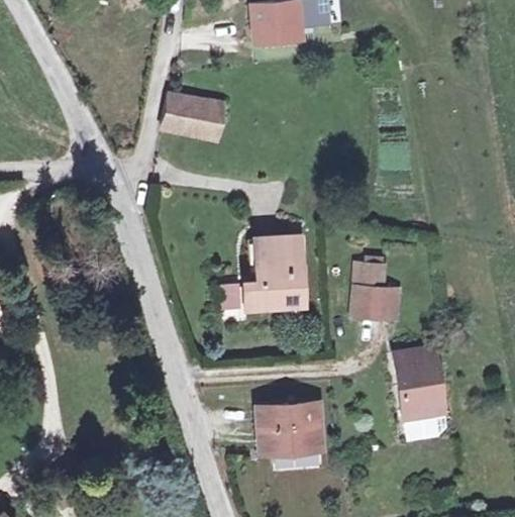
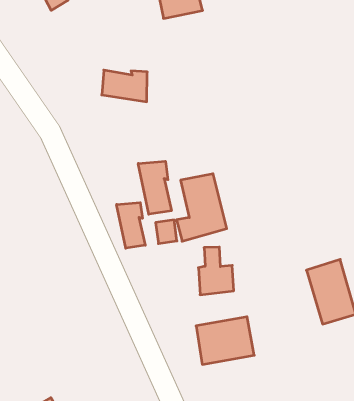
building: none -> [138,161,171,214]
building: none -> [117,203,145,248]
building: [350,268,392,323] -> [198,247,234,295]

